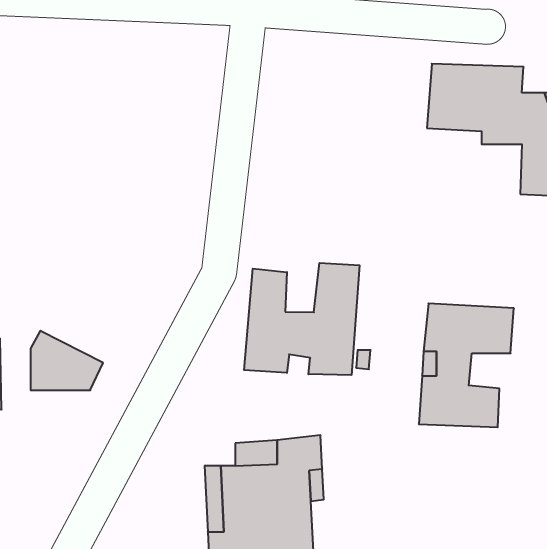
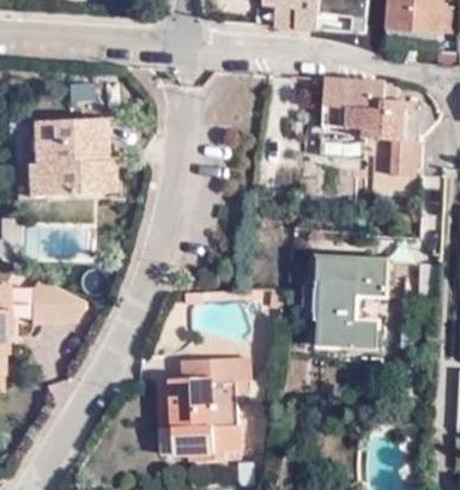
building: none -> [24,117,105,196]
building: [244,263,360,375] -> none

